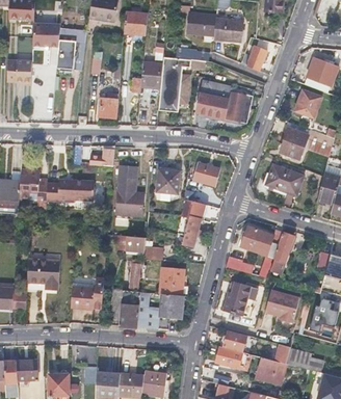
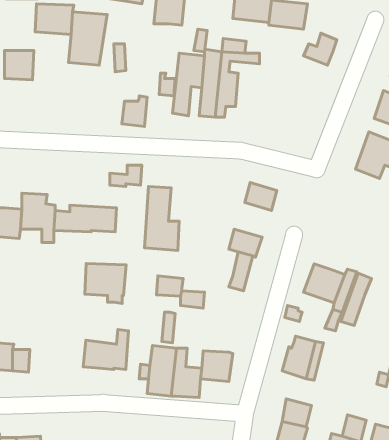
building: [196,85,254,123] -> none
building: [265,164,303,196] -> none
building: [156,169,180,192] -> none
building: [27,259,59,290] -> [85,263,126,303]
building: [160,267,184,294] -> none
building: [264,290,299,322] -> none

